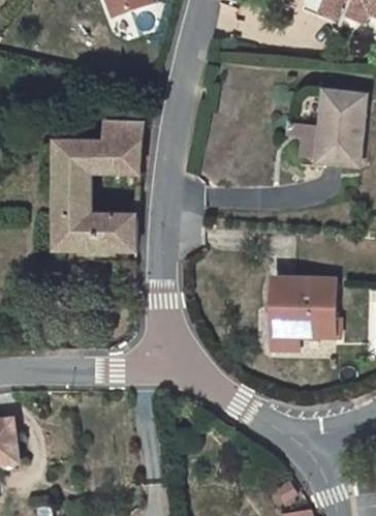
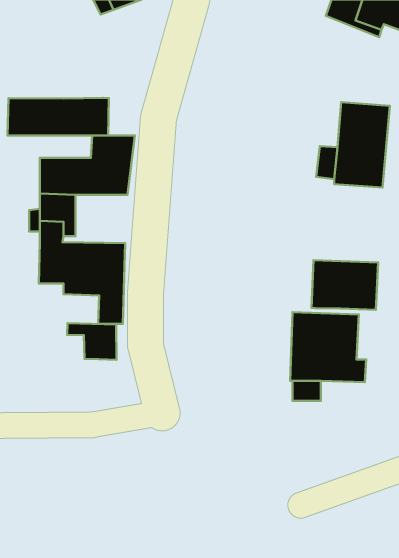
building: none -> [8,98,109,135]
building: none -> [311,260,378,310]
building: none -> [67,323,117,360]

